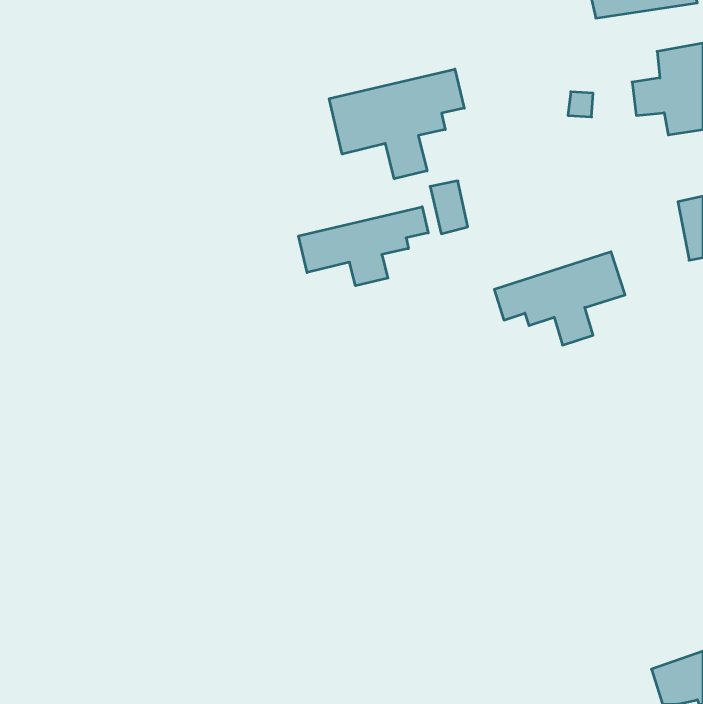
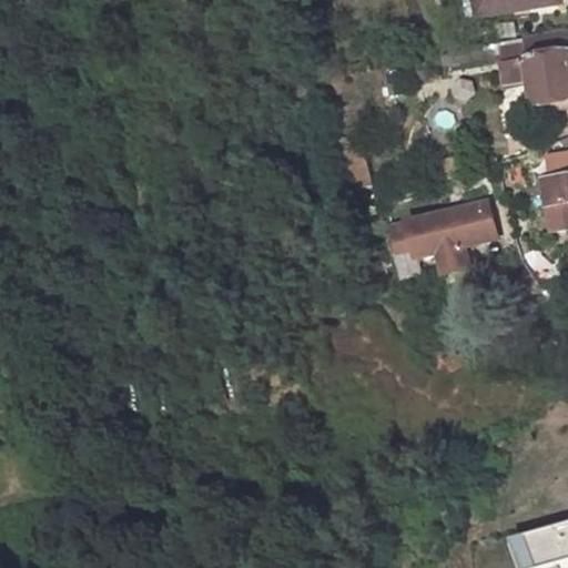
building: [329,69,464,179] -> none
building: [299,207,428,286] -> none

